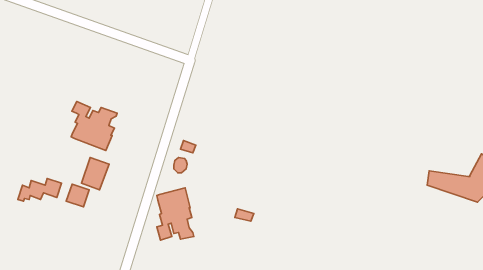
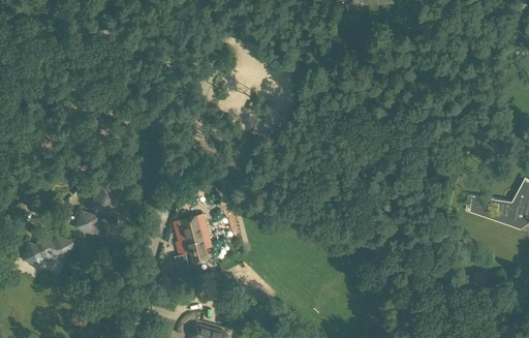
building: [71,101,117,150] -> none
building: [18,178,61,201] -> [25,237,72,262]

